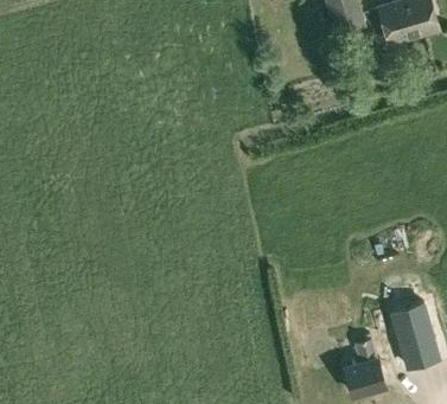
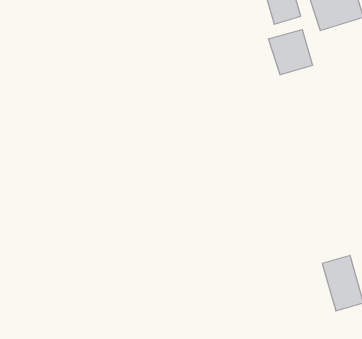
building: none -> [268,30,312,75]
building: [344,342,384,397] -> none

